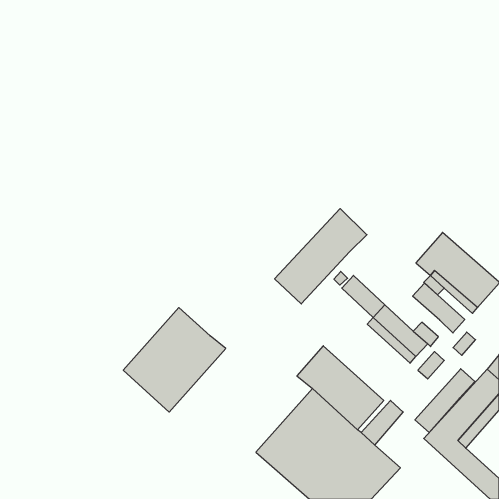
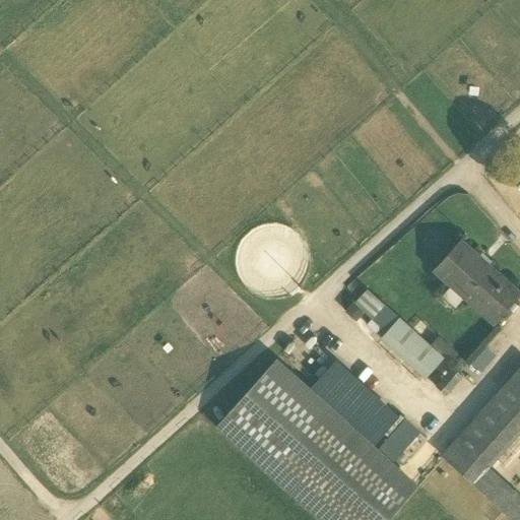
building: [275,209,367,304] -> none
building: [413,283,465,333] -> none
building: [123,308,226,412] -> [218,362,325,470]
building: [415,369,475,433] -> none

